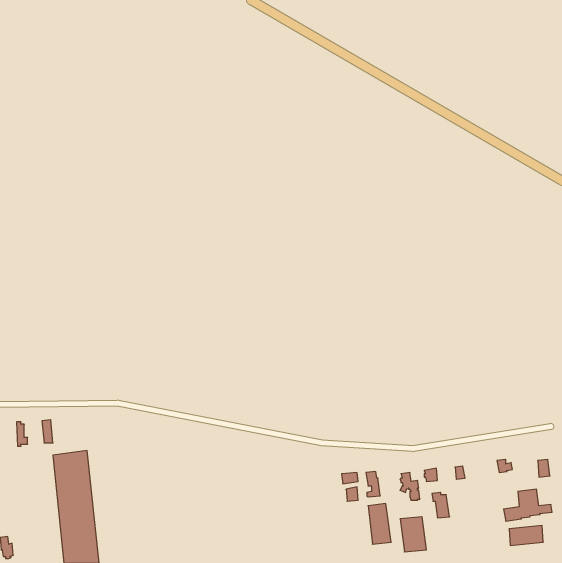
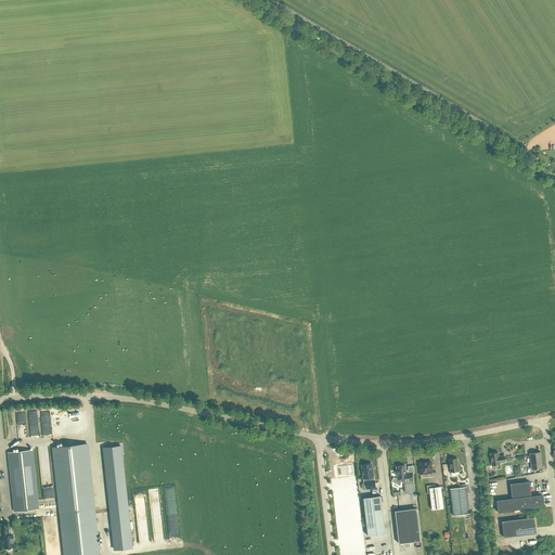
building: none -> [103,446,130,550]
building: none -> [7,450,38,512]
building: none -> [449,487,468,515]

